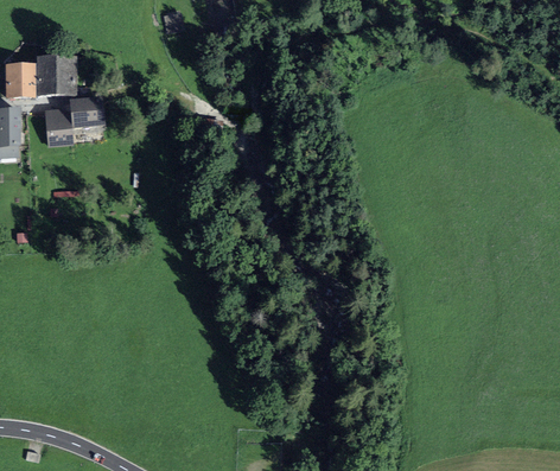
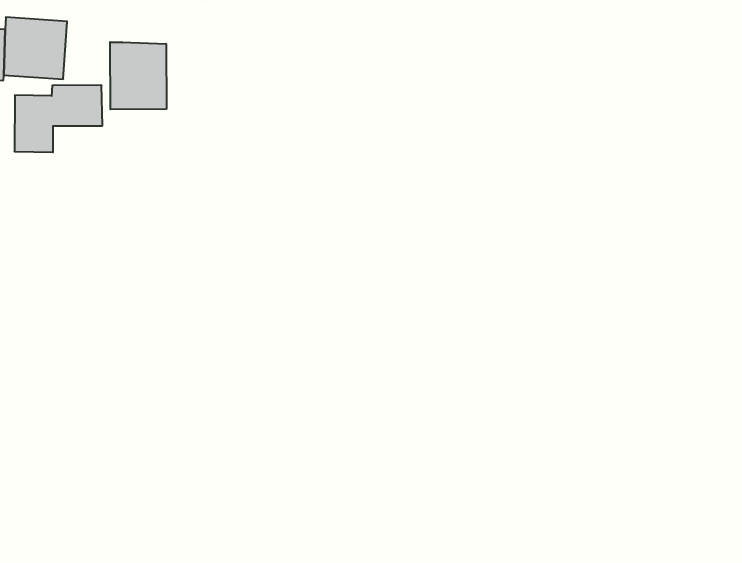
building: none -> [110,42,166,109]

